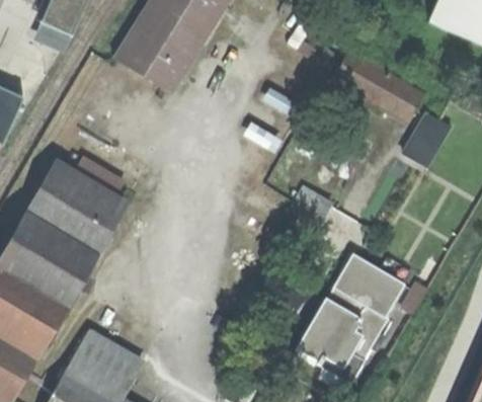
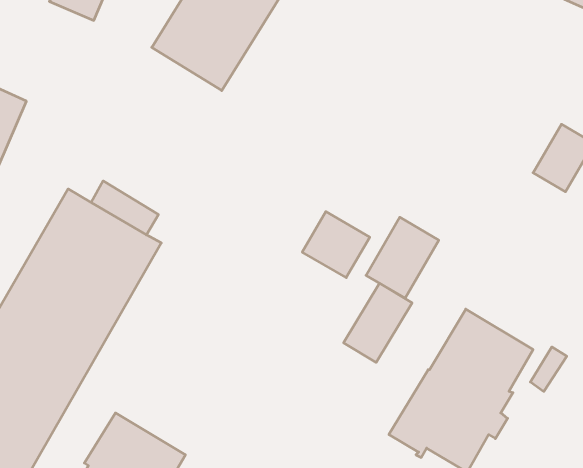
building: [334,52,424,123] -> none
building: none -> [302,212,370,278]
building: none -> [344,283,412,362]

